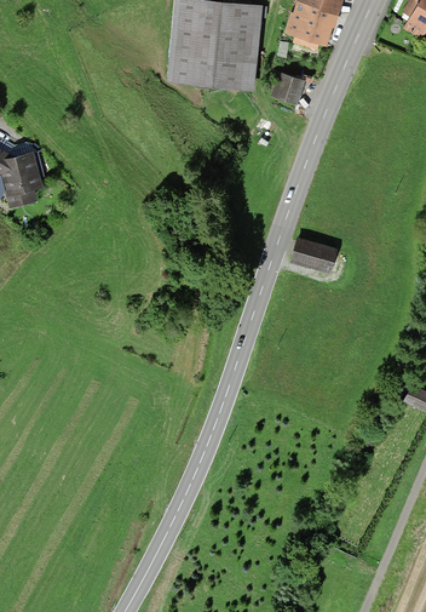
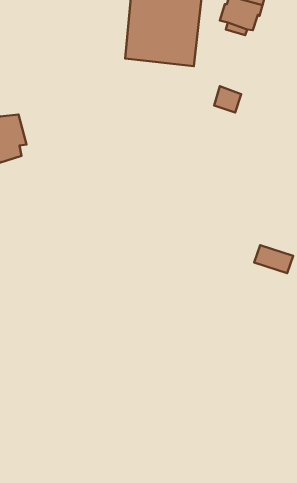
building: [271,69,305,102] -> [214,86,241,112]
building: [289,239,338,274] -> [254,245,293,273]

